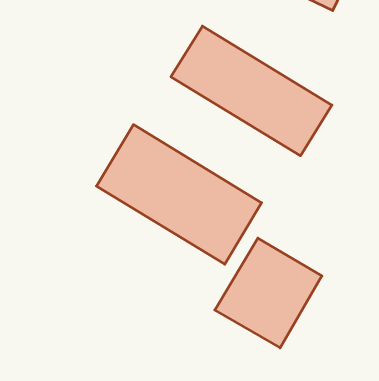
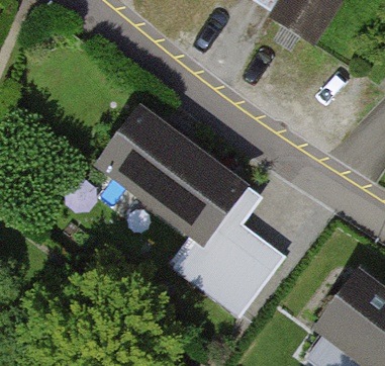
building: [171,26,332,156] -> none

